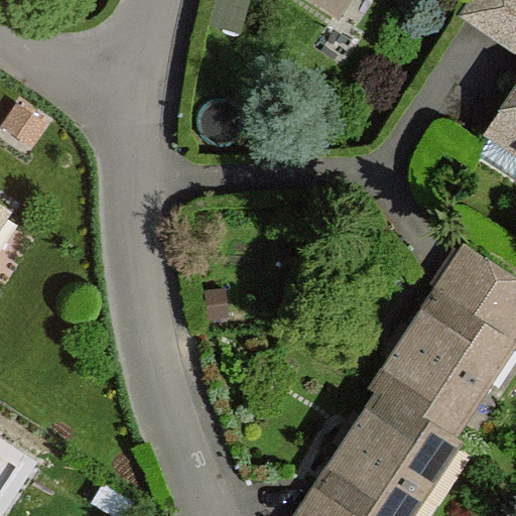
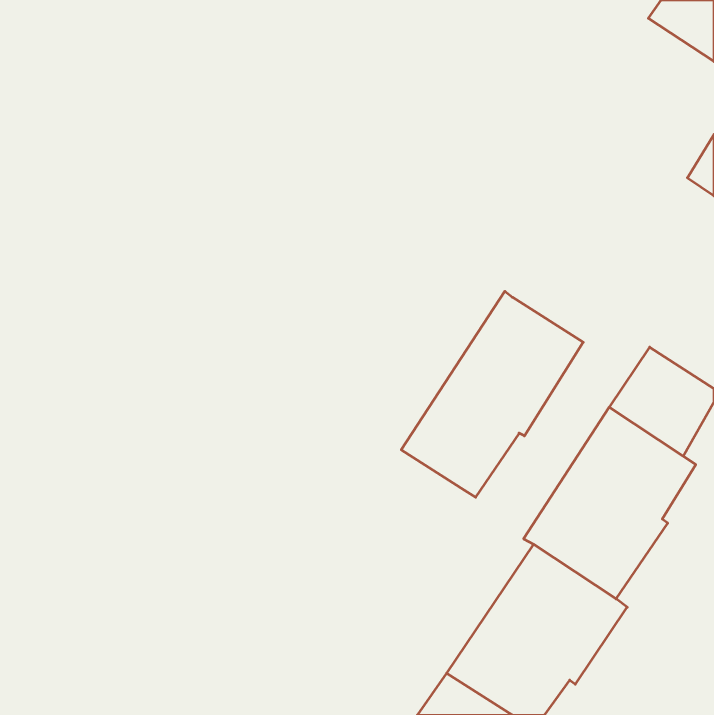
building: none -> [401,291,583,497]

